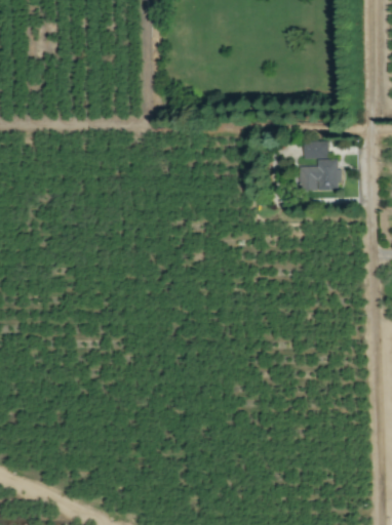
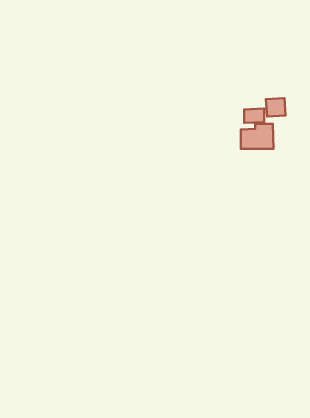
building: none -> [266,98,286,116]

